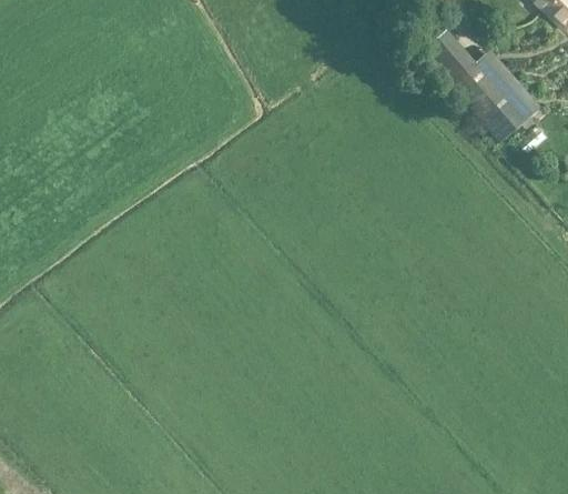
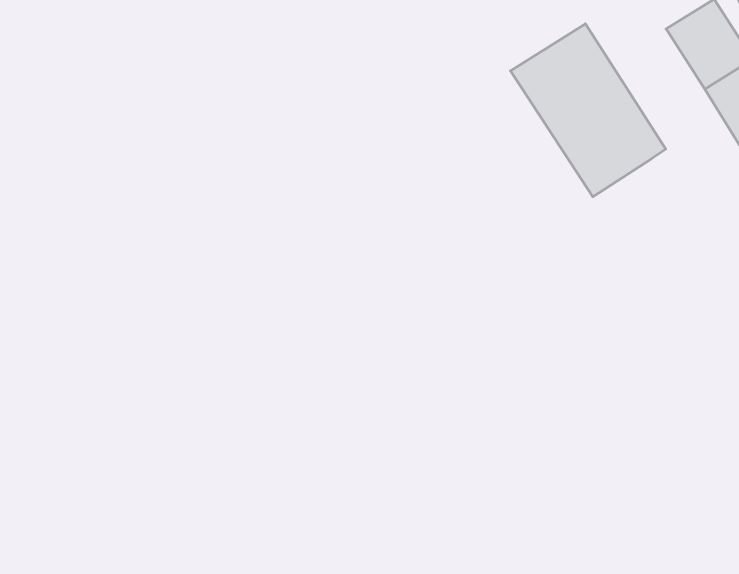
building: none -> [510,24,666,197]

